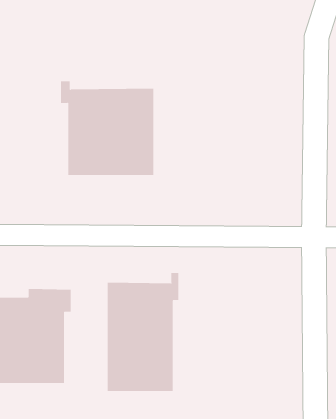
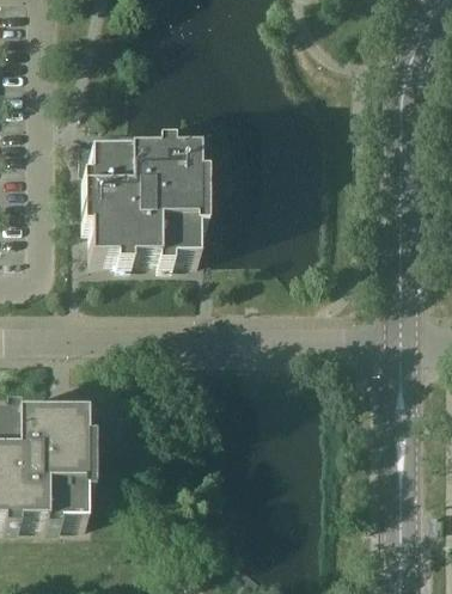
building: [107,272,179,392] -> none

